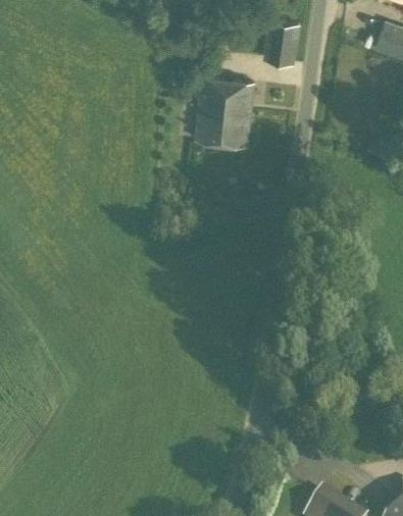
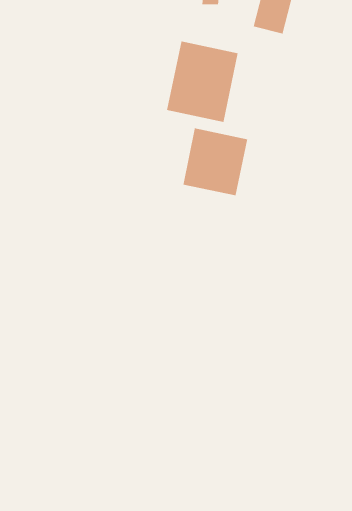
building: none -> [183,128,248,196]

